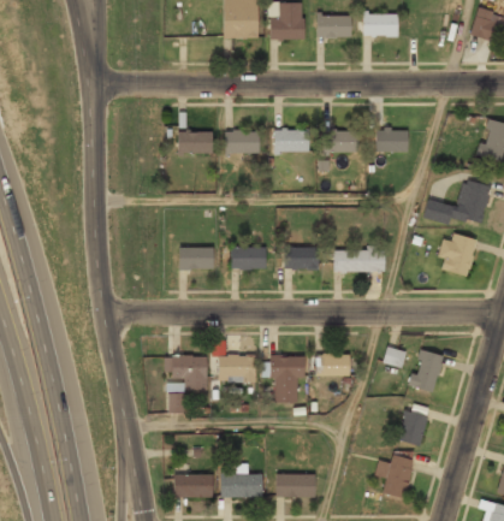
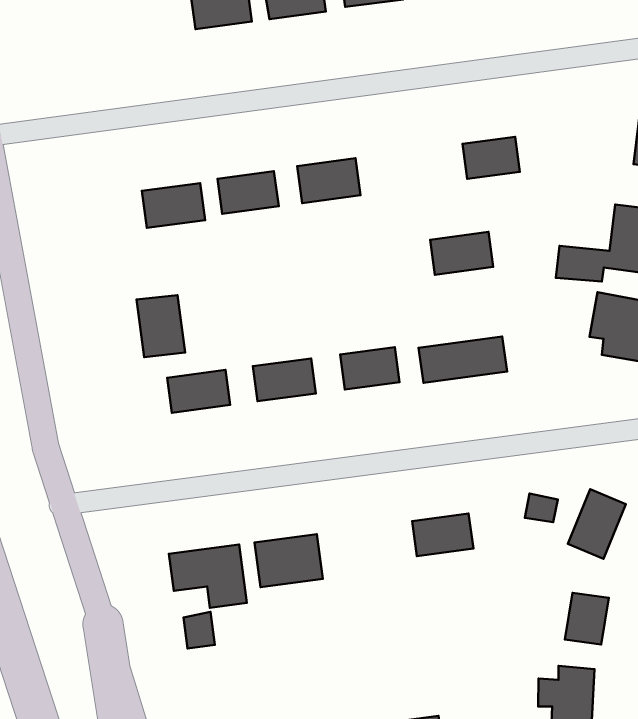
building: [324,131,360,153] -> [430,232,493,275]
building: none -> [136,295,185,357]
building: [273,356,304,402] -> none

